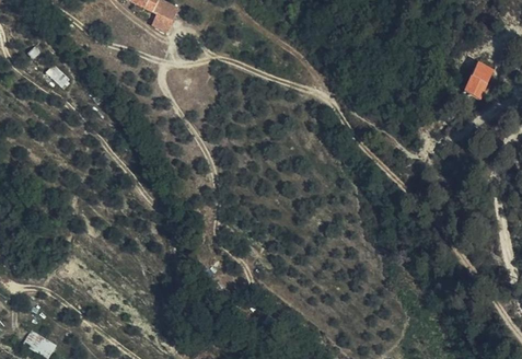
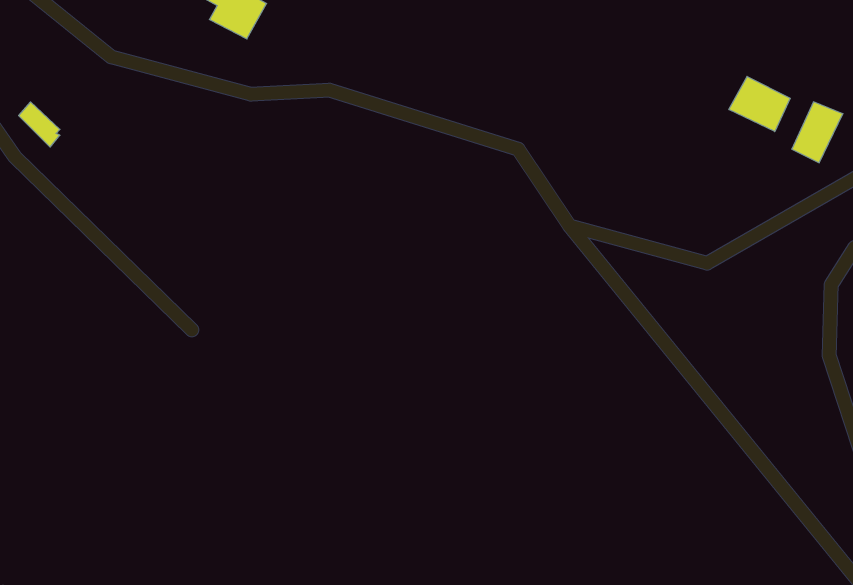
building: none -> [729,76,790,132]

